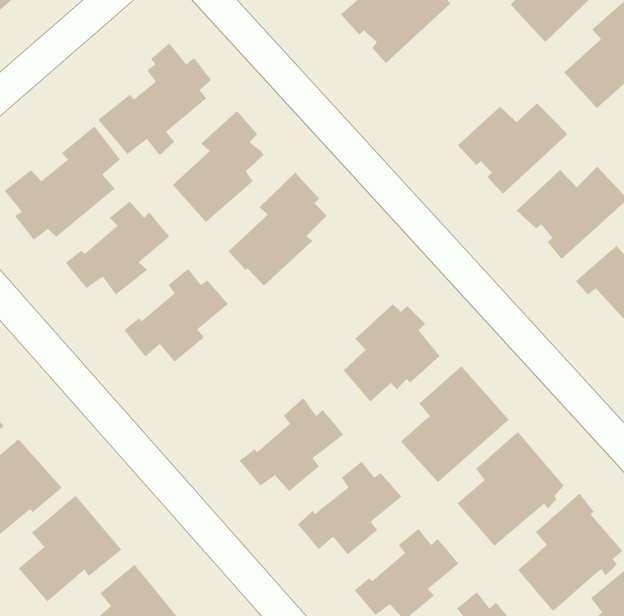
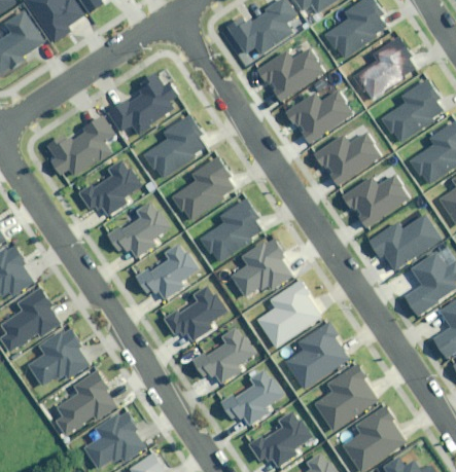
building: none -> [285,92,350,143]
building: none -> [201,197,262,261]
building: none -> [136,245,199,298]

